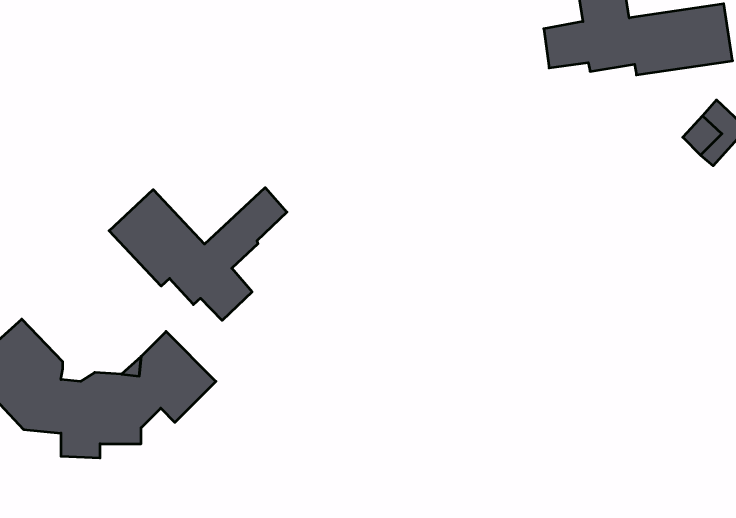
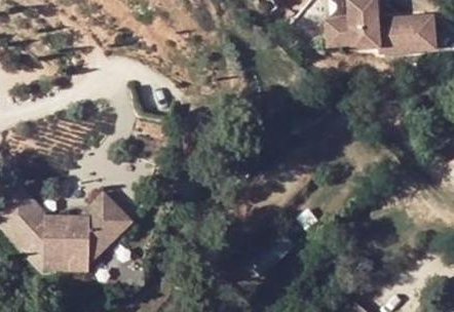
building: [109,188,287,320] -> none

